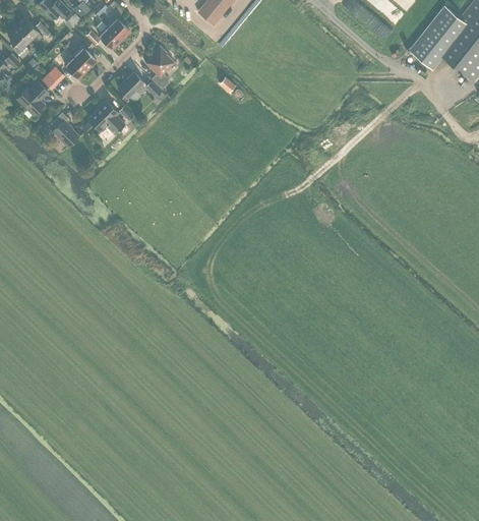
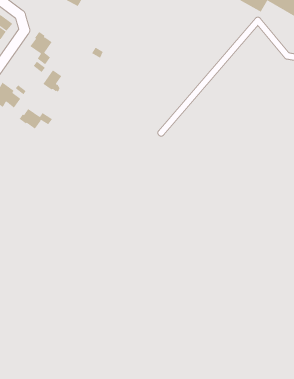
building: [118,72,143,101] -> [43,69,62,92]
building: none -> [19,108,53,129]

